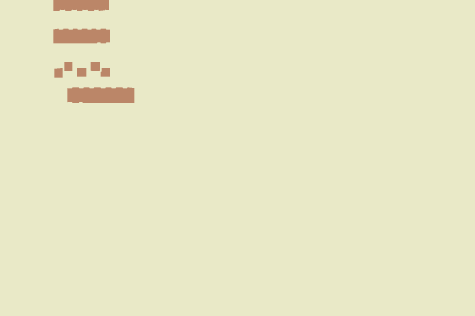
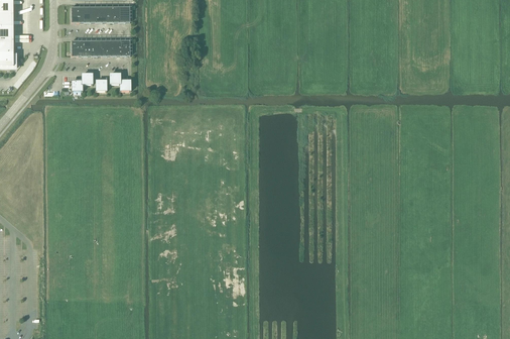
building: [67,87,135,104] -> none

